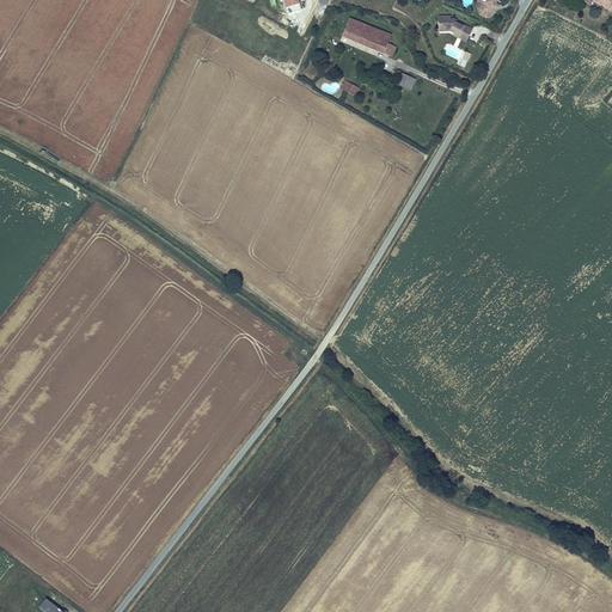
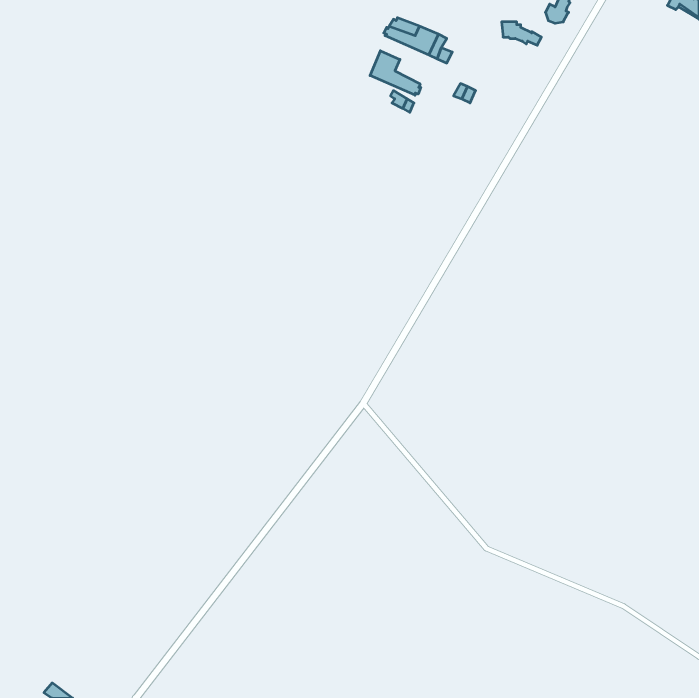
building: none -> [370,51,421,95]

